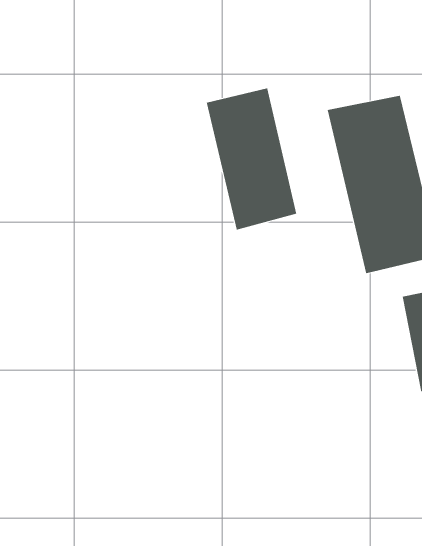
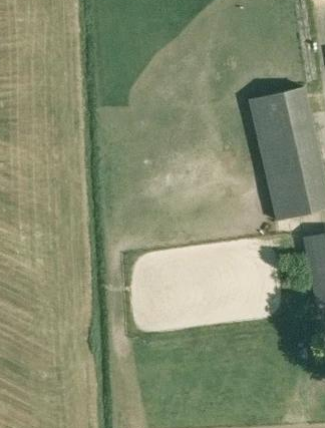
building: [206,88,297,231] -> none

